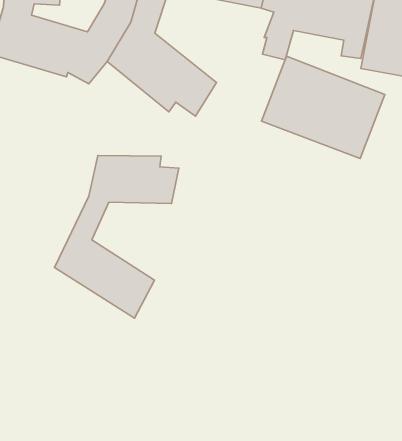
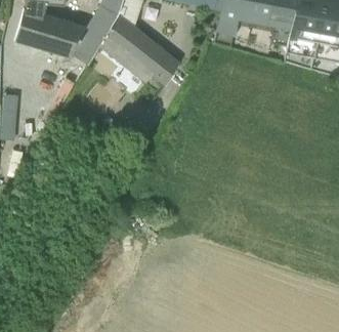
building: [261,56,385,158] -> none
building: [55,156,179,318] -> none

